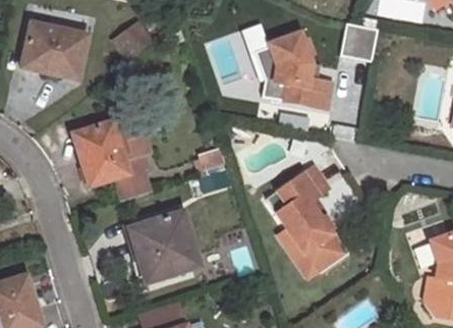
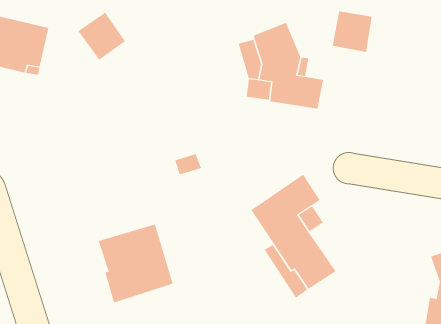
building: [74,115,148,201] -> none

